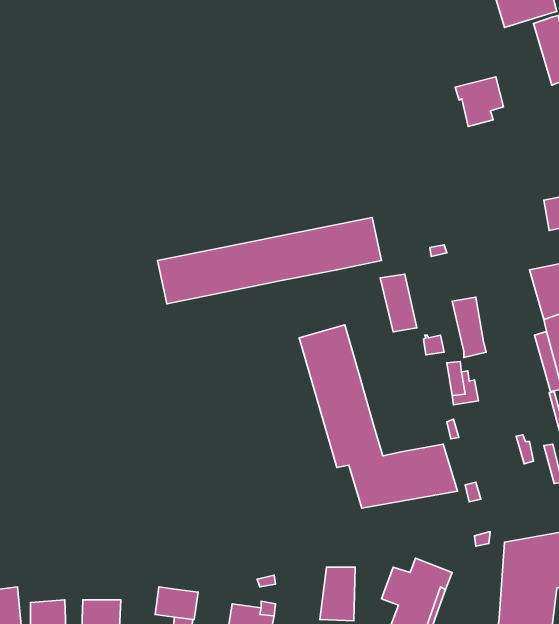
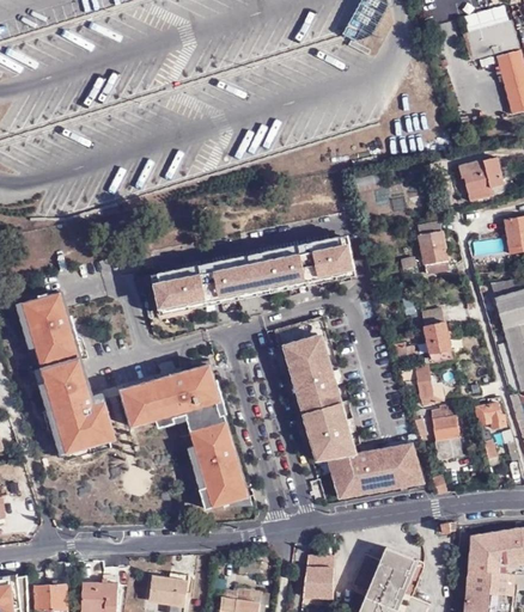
building: [455,77,504,126] -> [458,158,502,203]
building: [380,274,417,332] -> [416,222,450,275]
building: none -> [16,292,112,463]
building: none -> [120,363,252,510]
building: none -> [476,397,506,428]
building: none -> [431,404,462,461]

